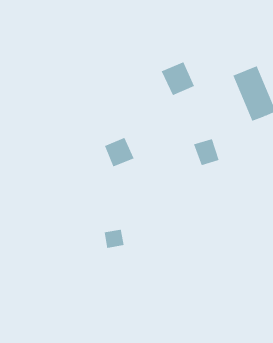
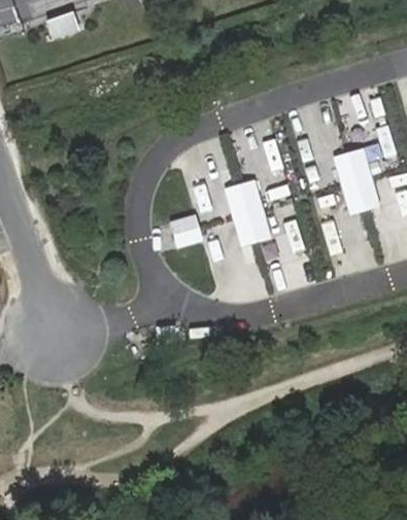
building: none -> [224,181,271,247]

